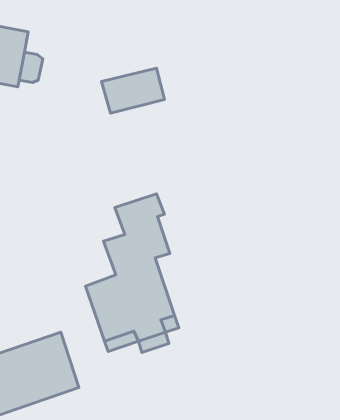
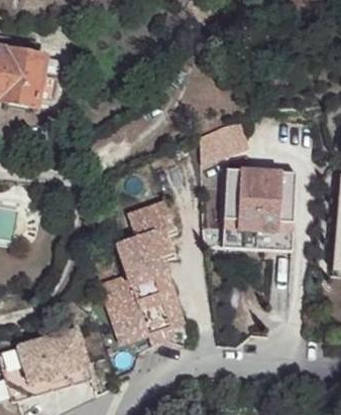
building: [101,68,164,113] -> [192,123,248,163]
building: none -> [225,167,300,251]

